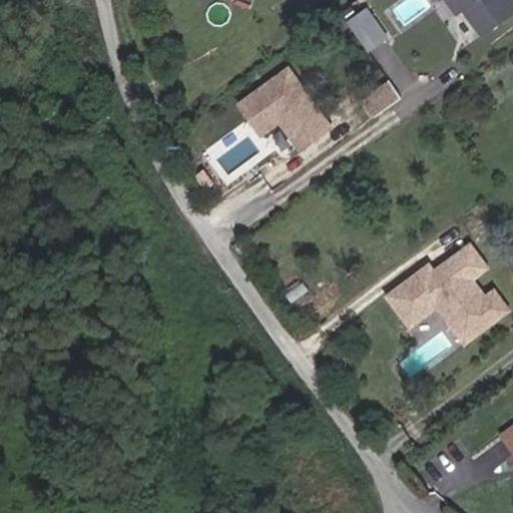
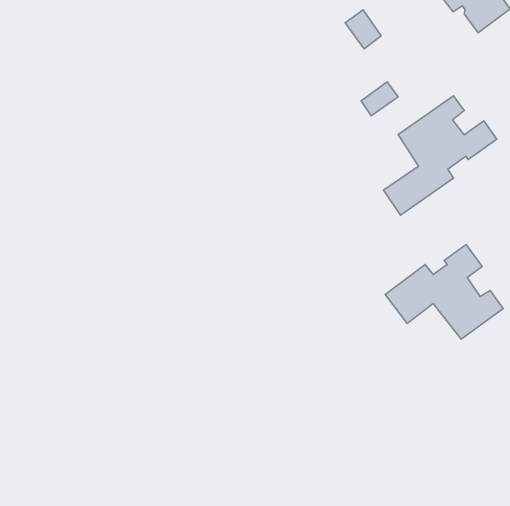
building: [237,68,327,147] -> none
building: none -> [384,96,497,215]

